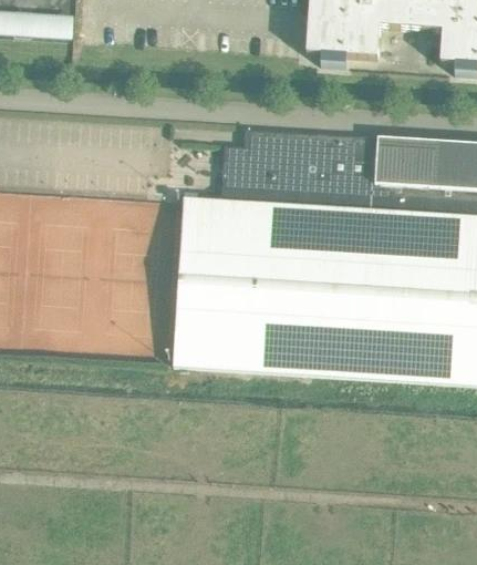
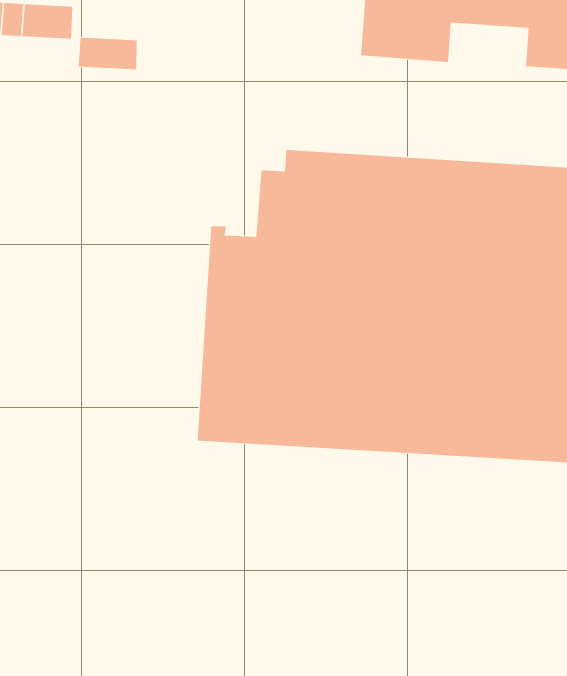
building: none -> [78,37,137,70]

